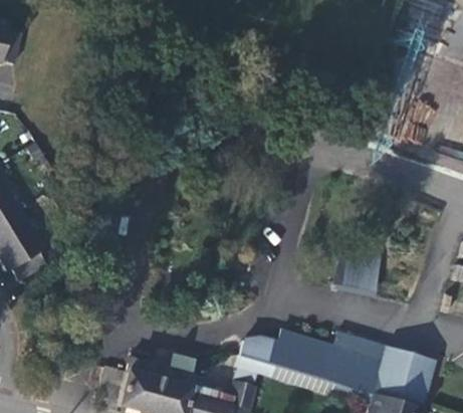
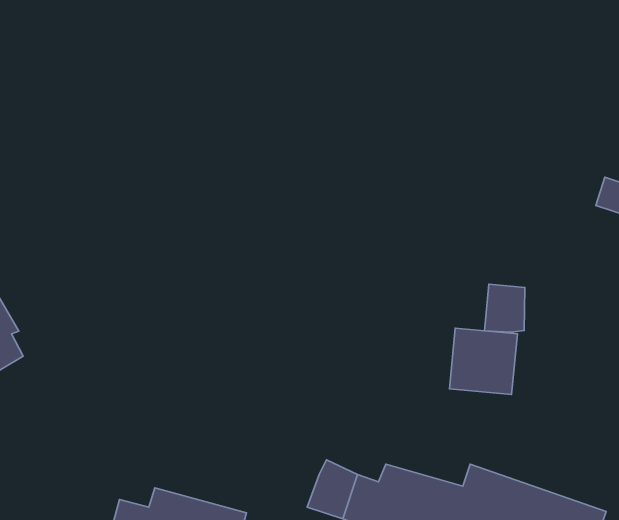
building: none -> [484,284,525,332]

